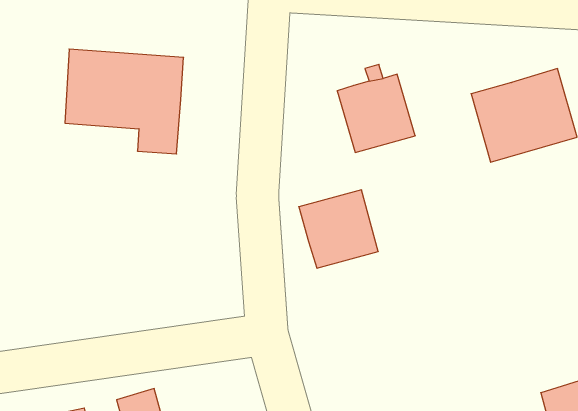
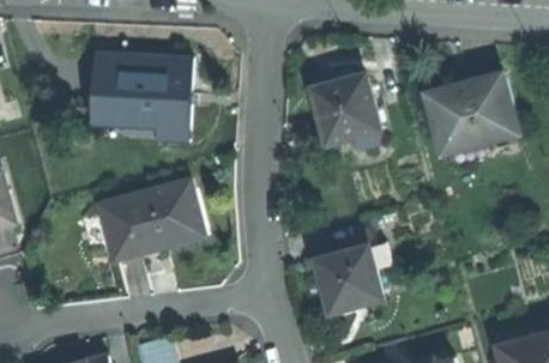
building: [299,190,378,268] -> [315,243,384,310]
building: none -> [97,181,201,262]

